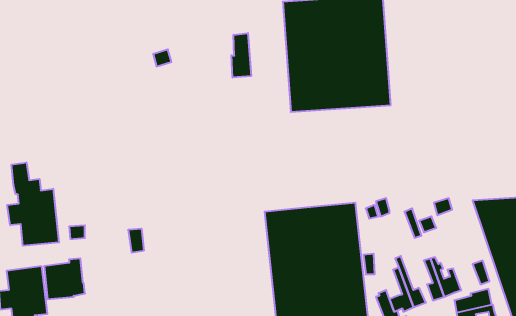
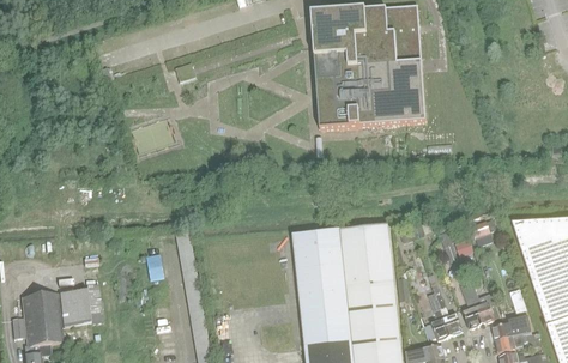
building: [231,33,251,78] -> none
building: [7,162,59,246] -> none

